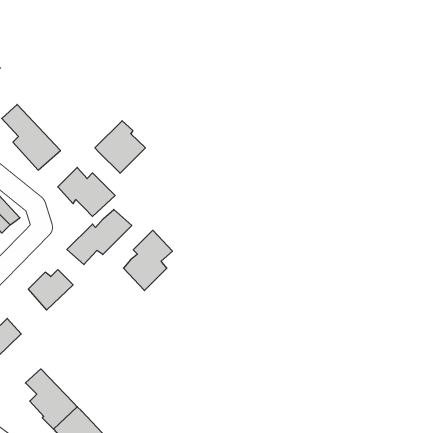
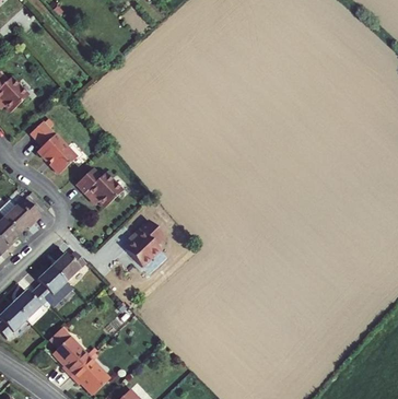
building: [95,121,145,173] -> none
building: [67,209,132,265] -> none
building: none -> [35,266,72,307]

